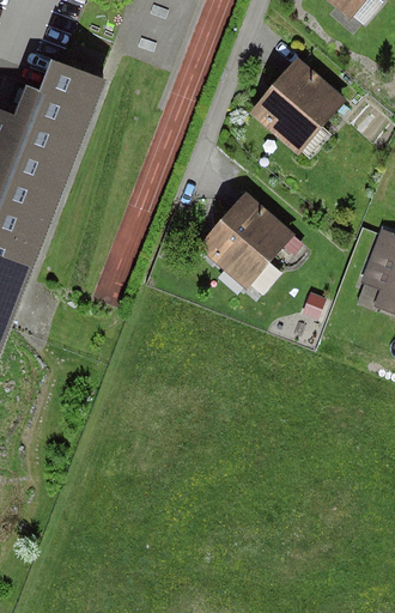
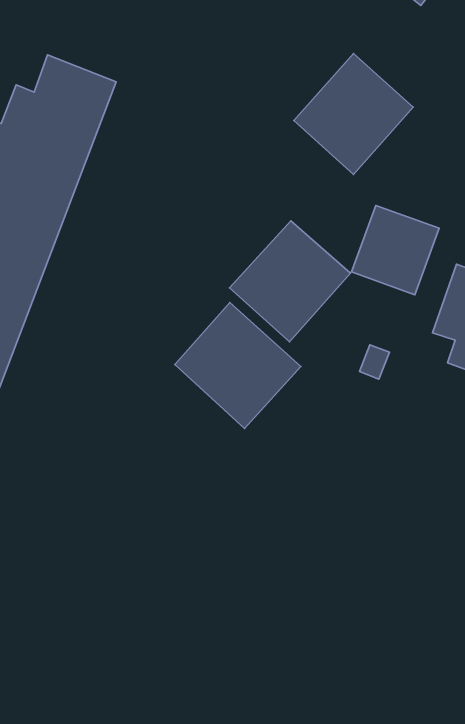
building: none -> [352,206,439,295]
building: none -> [175,302,301,428]

